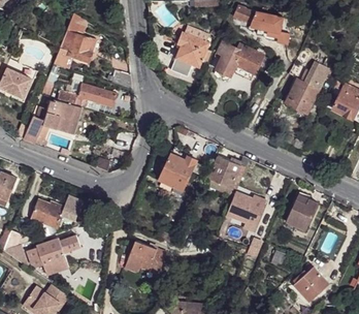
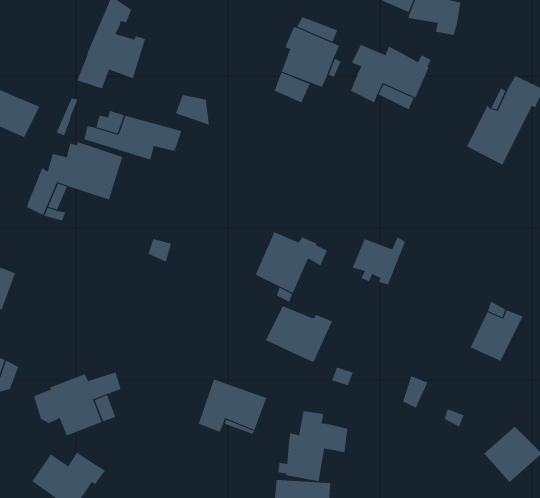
building: [225,193,265,227] -> [265,305,333,363]
building: [31,196,83,227] -> none
building: none -> [278,410,348,482]

